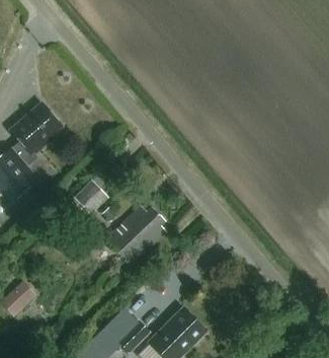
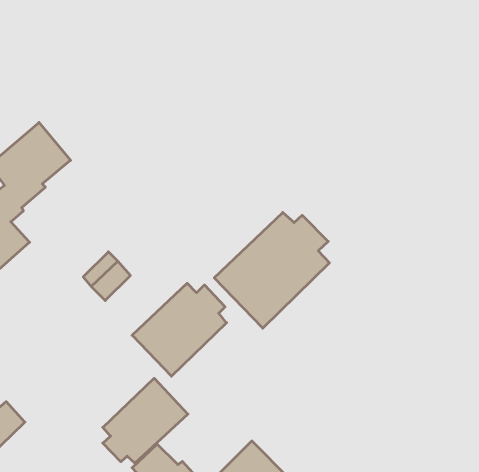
building: none -> [214,212,329,328]
building: none -> [103,378,188,463]

